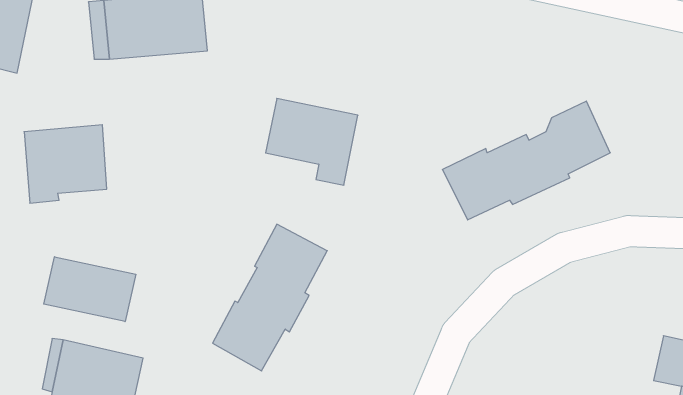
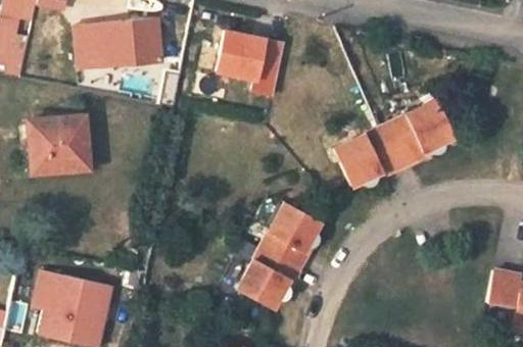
building: [266,98,358,185] -> [217,32,284,95]
building: [213,224,327,371] -> [236,201,320,308]
building: [44,257,136,322] -> none

